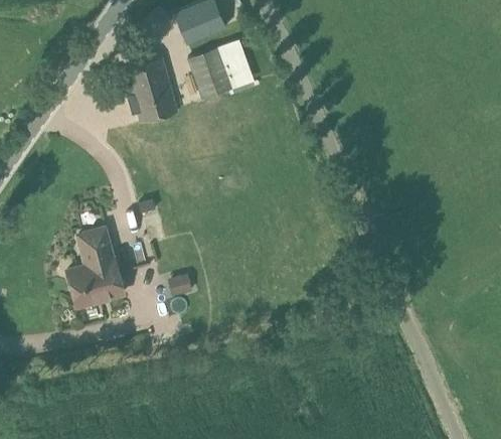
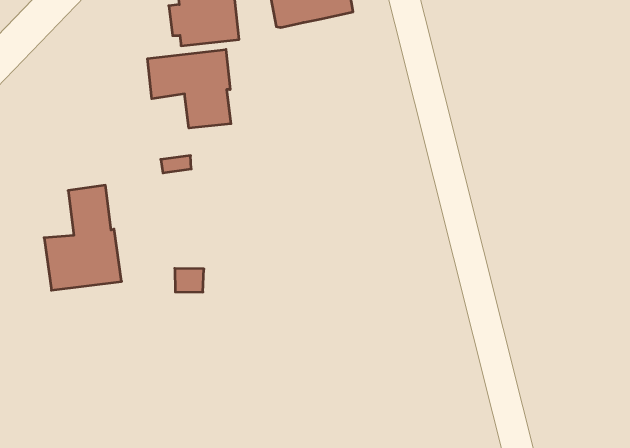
building: none -> [148,49,231,128]

